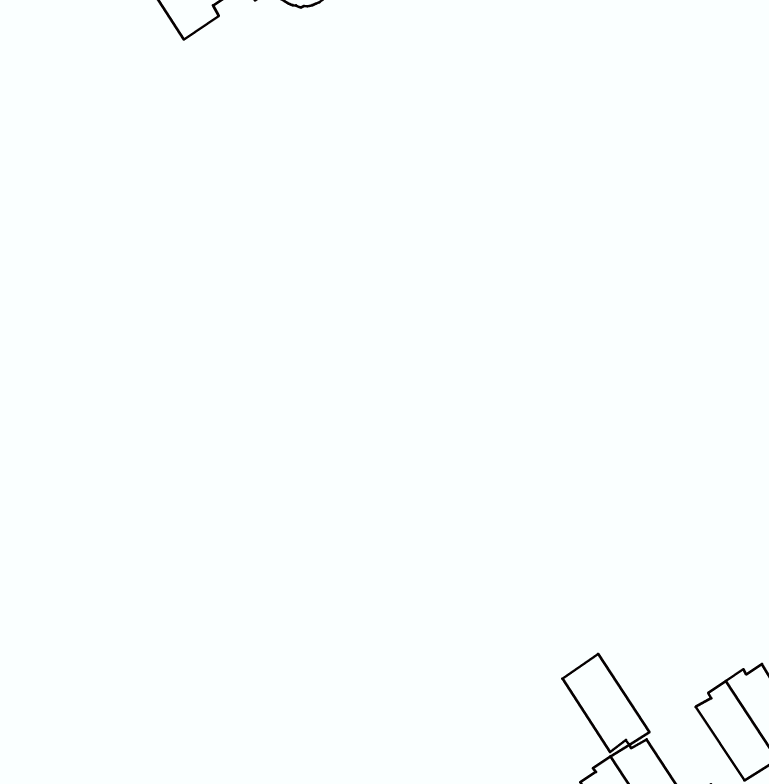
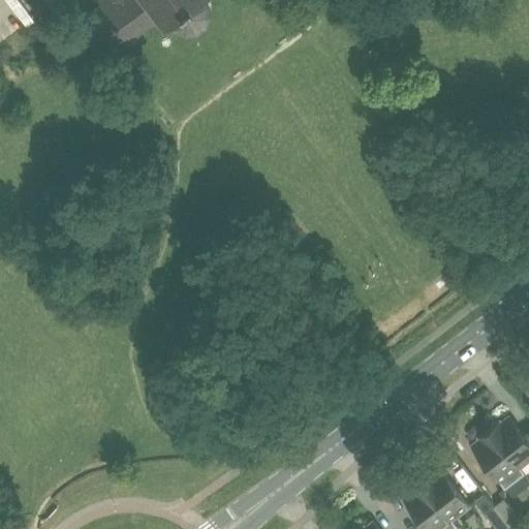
building: [562,654,649,752] -> none

